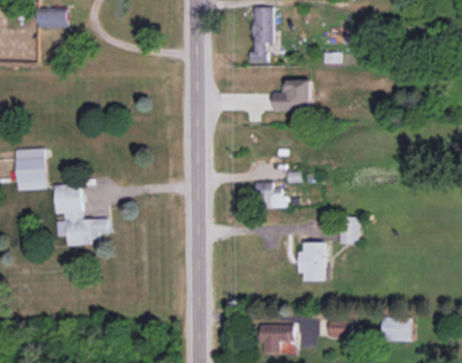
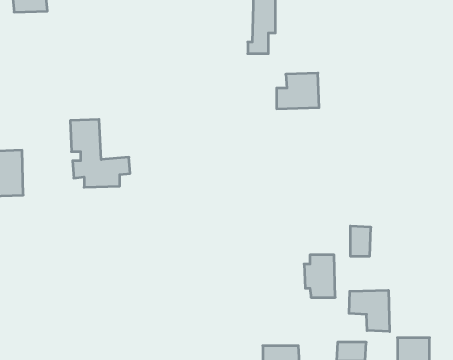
building: [257,182,285,208] -> none
building: [55,184,109,245] -> [70,119,130,187]
building: none -> [349,290,390,332]

